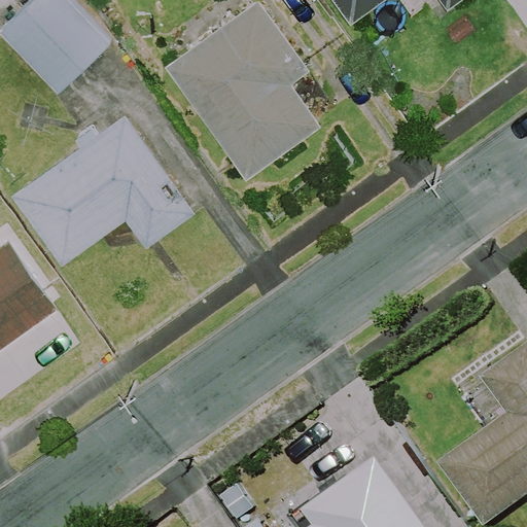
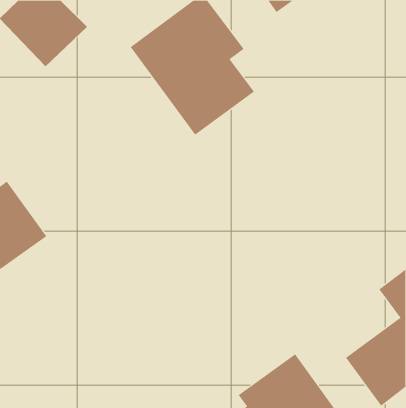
building: [12,114,195,266] -> none

